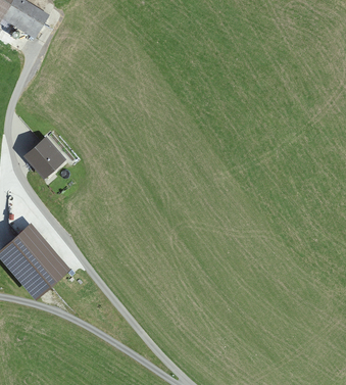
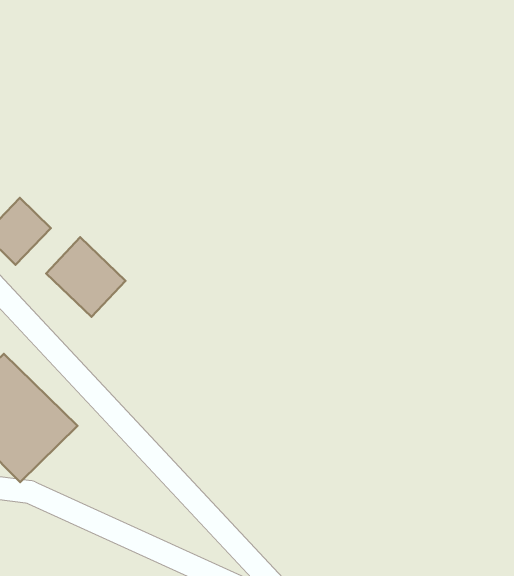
building: none -> [46,237,126,317]

